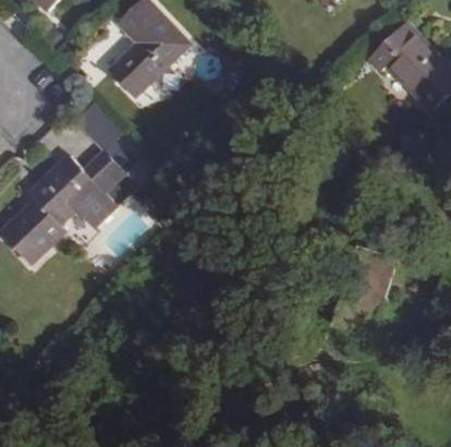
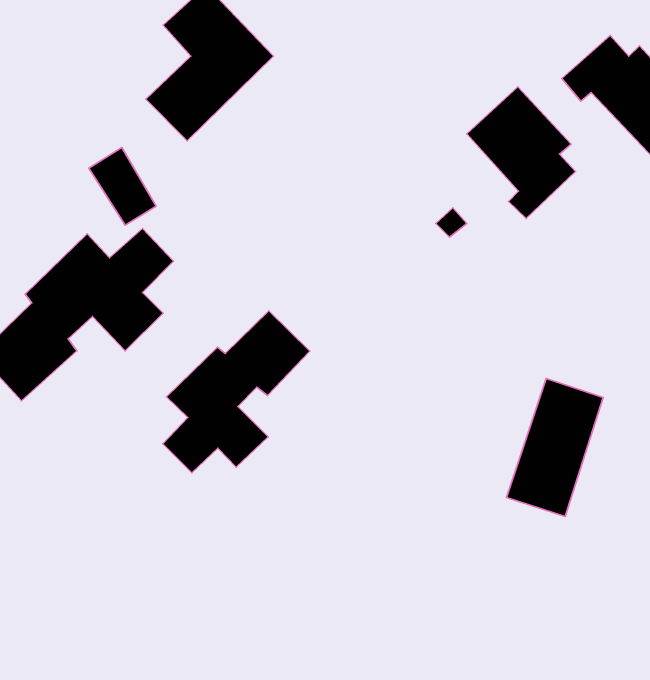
building: none -> [467,87,576,218]
building: none -> [163,311,310,473]

